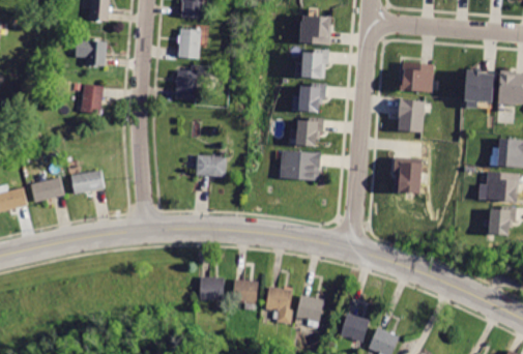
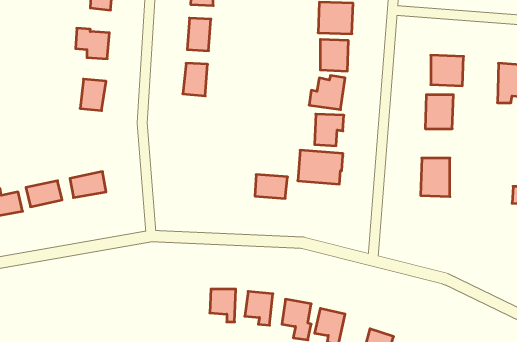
building: [197,155,227,177] -> [255,175,288,198]

